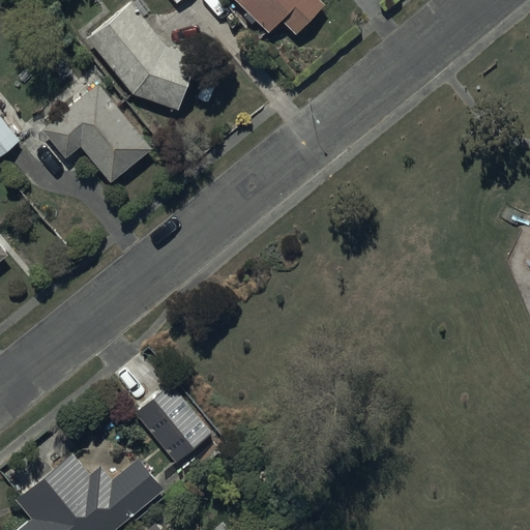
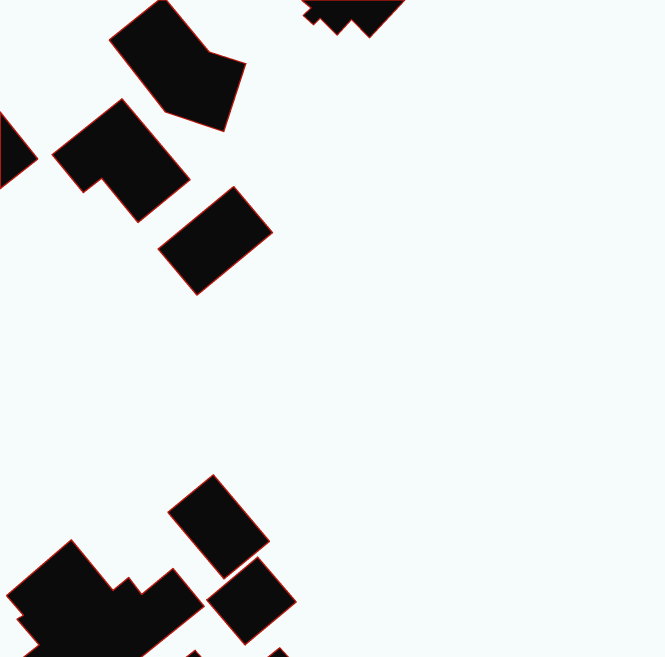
building: none -> [158,187,272,295]
building: none -> [207,557,296,645]

